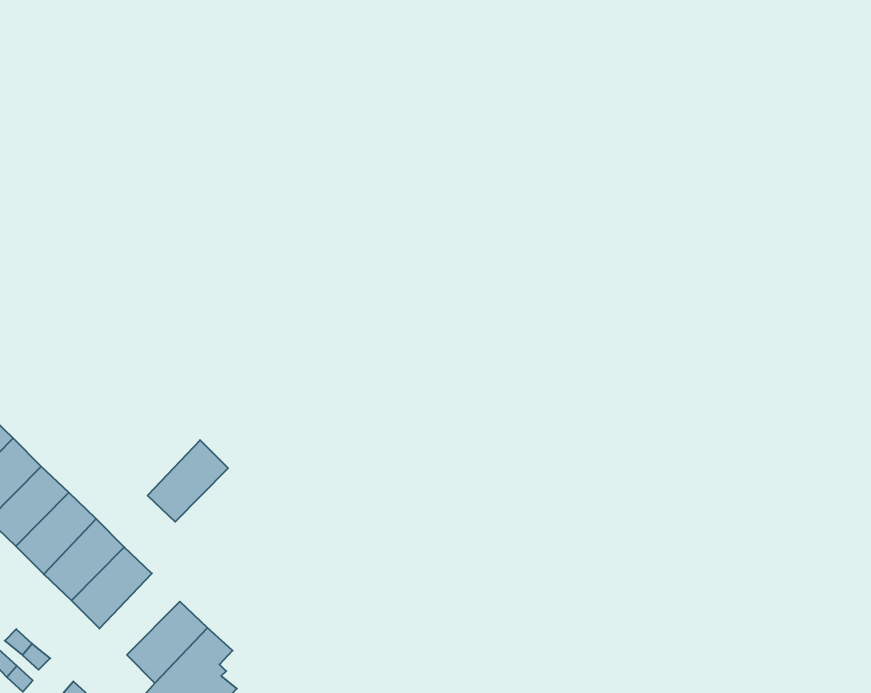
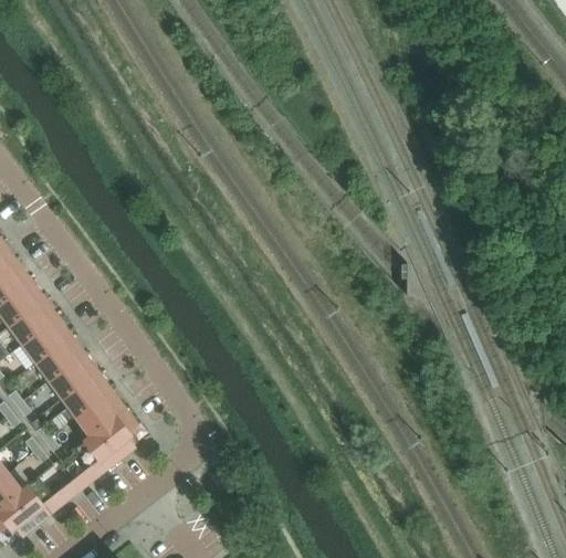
building: [148,440,228,522] -> [63,372,112,417]

